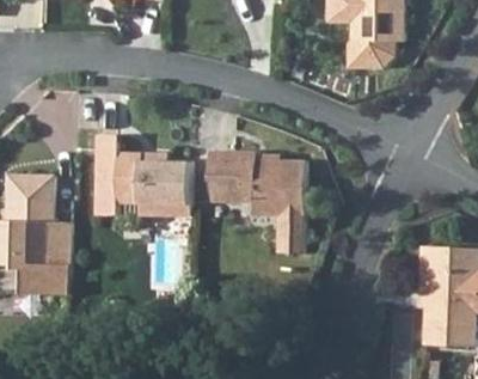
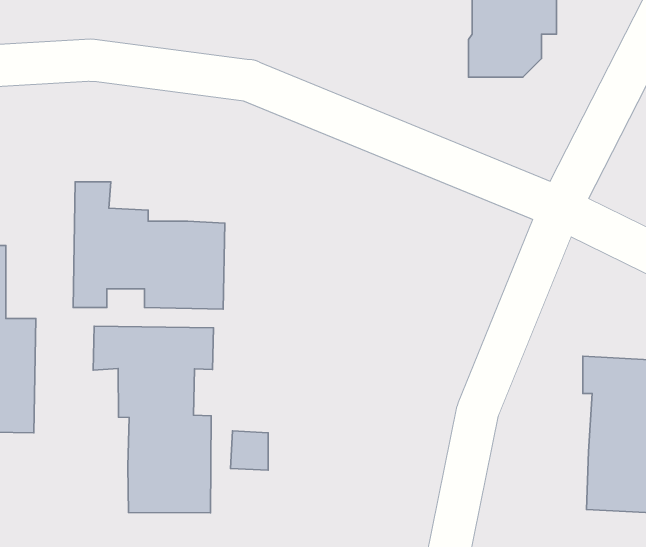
building: [208,151,305,253] -> none
building: none -> [93,326,214,513]

